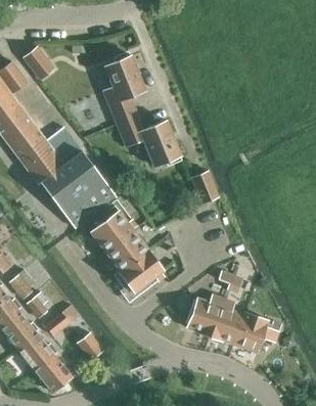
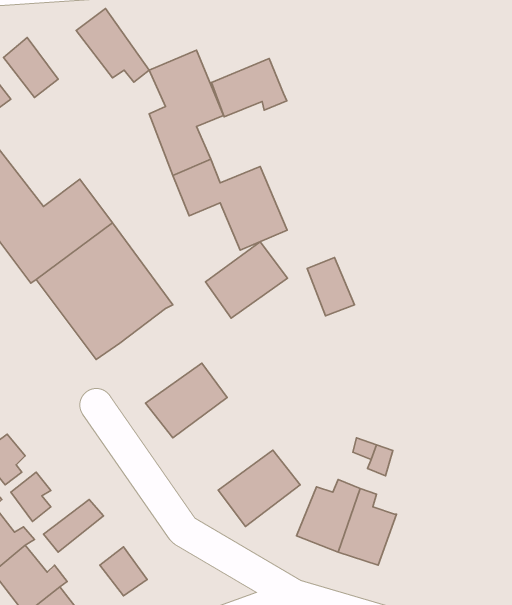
building: none -> [76,8,149,82]
building: none -> [212,59,287,117]
building: [88,210,134,253] -> [206,242,287,318]
building: [118,250,164,292] -> [218,450,300,527]
building: [233,313,278,353] -> none

